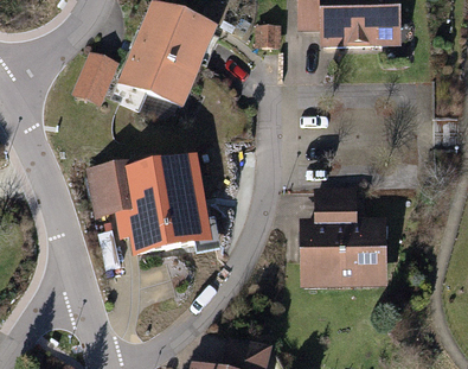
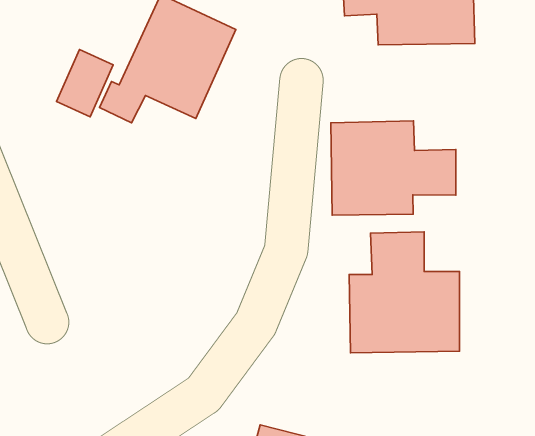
building: none -> [331,121,456,215]
building: [91,159,209,249] -> none

